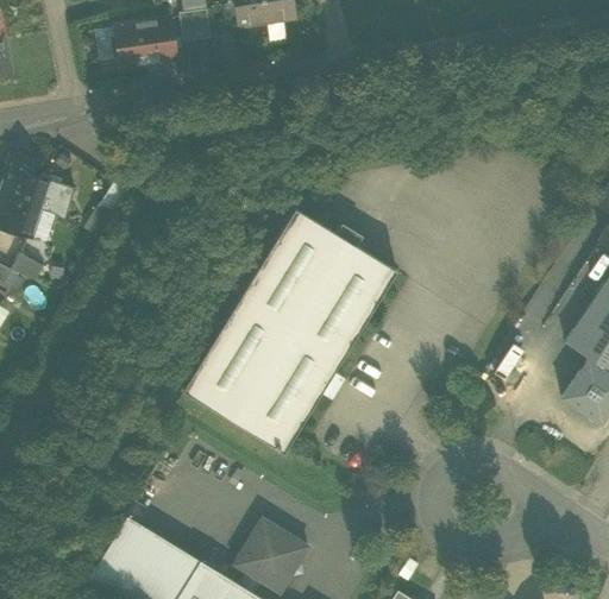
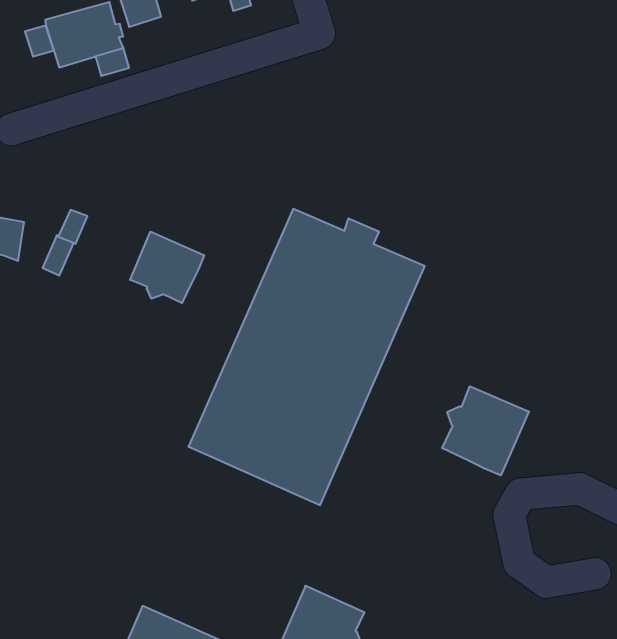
building: none -> [130,232,204,303]
building: none -> [442,386,529,475]

